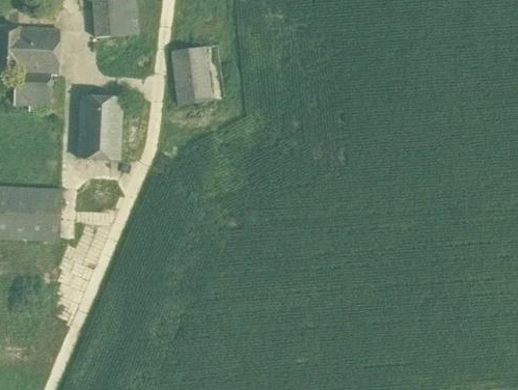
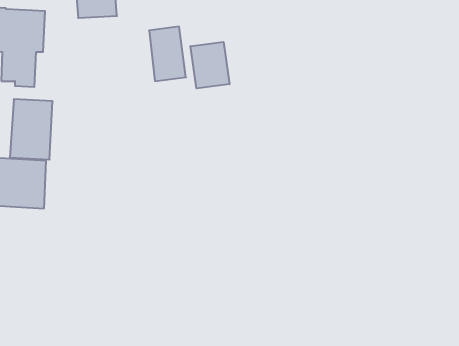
building: none -> [191,42,229,88]
building: [77,94,122,159] -> [10,99,53,160]

